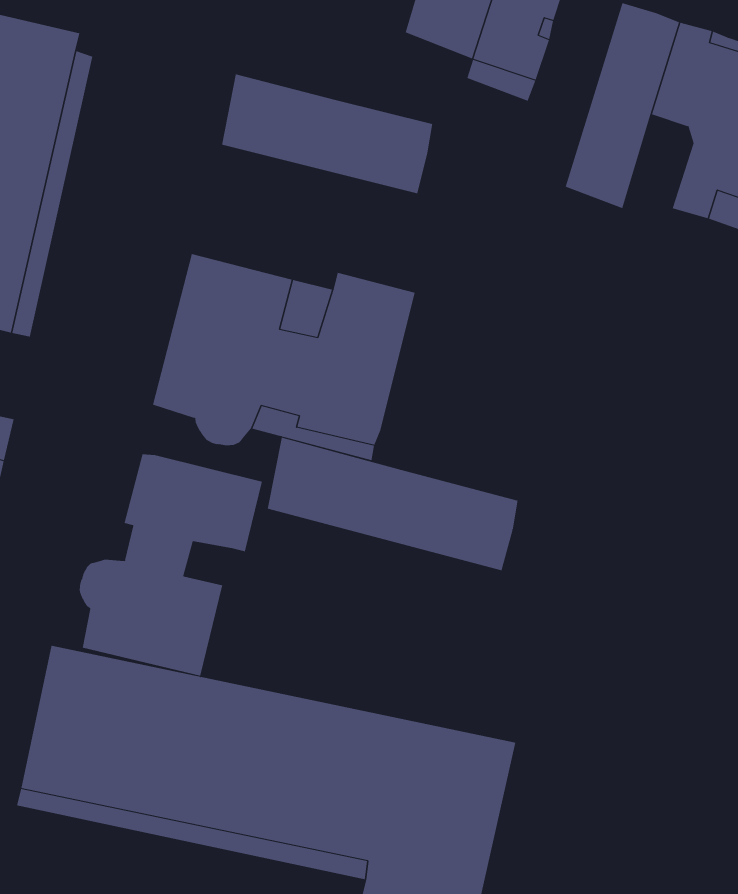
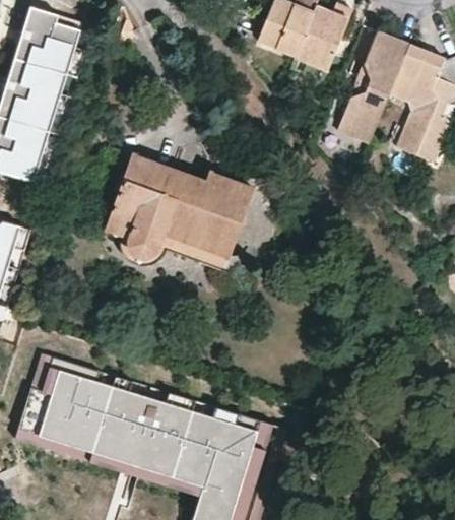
building: [222,73,433,194] -> none
building: [267,437,518,571] -> none
building: [79,453,262,677] -> none

